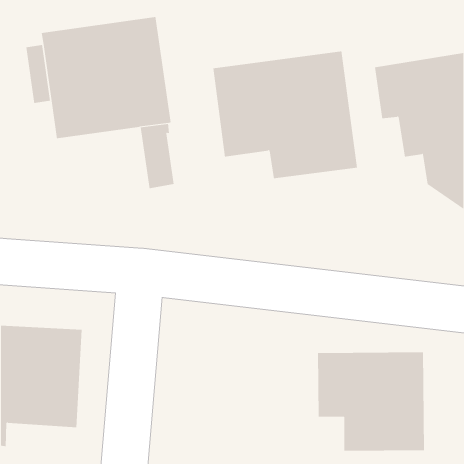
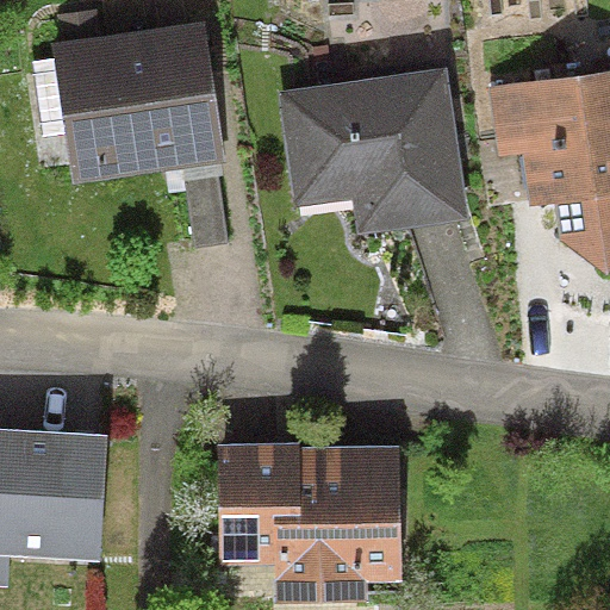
building: none -> [217,441,402,602]
building: [317,351,424,452] -> none

